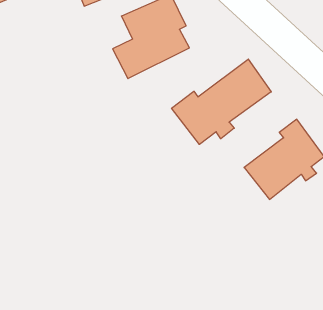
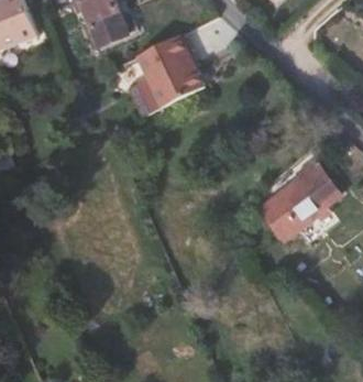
building: [172,59,271,144] -> none

